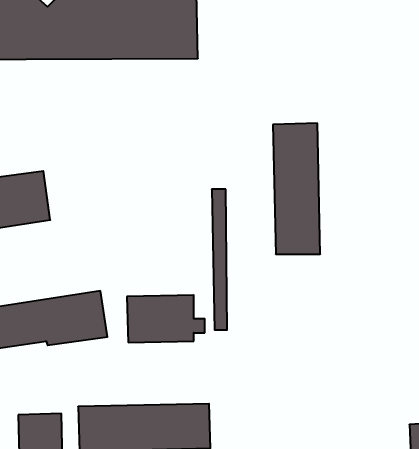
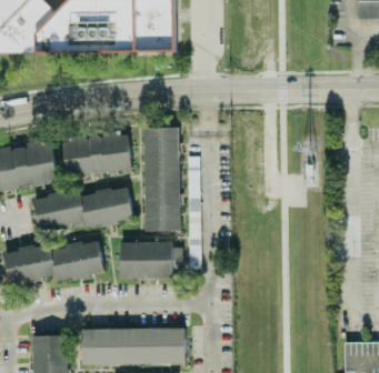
building: [273,123,320,254] -> [142,127,180,231]
building: none -> [62,132,130,175]
building: none -> [33,188,131,230]

